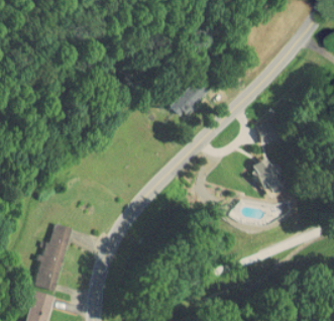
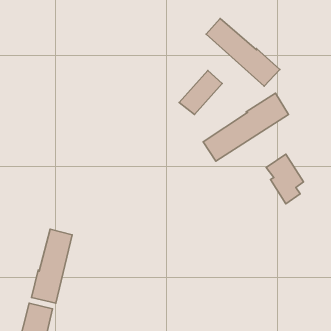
building: none -> [206,18,280,86]
building: none -> [203,93,289,161]

